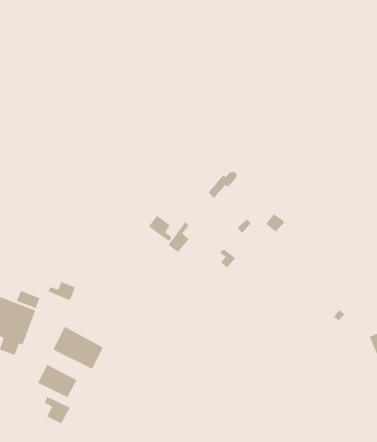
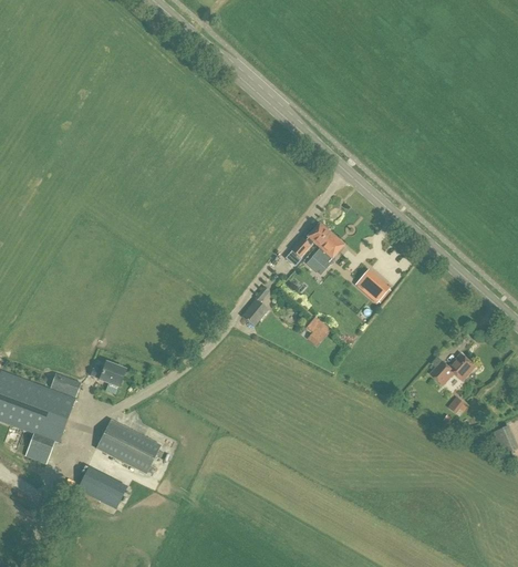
building: none -> [311,231,343,275]
building: [148,215,172,242] -> none
building: none -> [429,353,475,385]
building: [44,396,71,425] -> none

